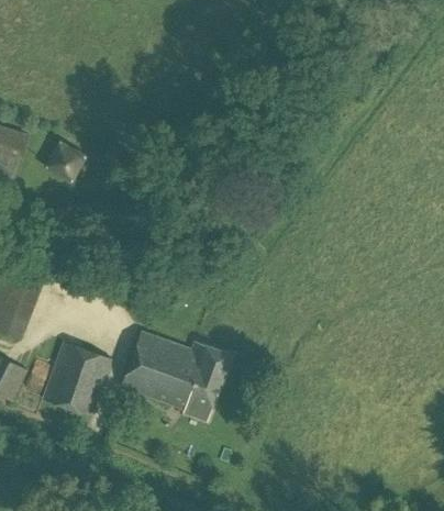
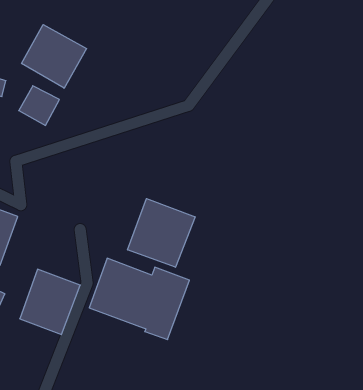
building: none -> [22,25,87,88]
building: none -> [128,199,195,267]

